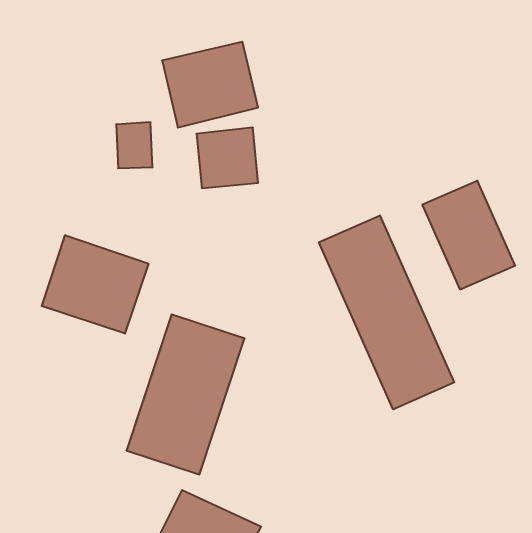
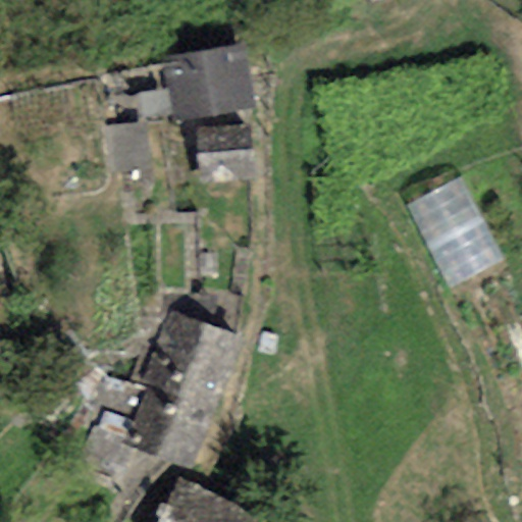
building: [319,215,454,409] -> none
building: [42,235,148,334] -> none

